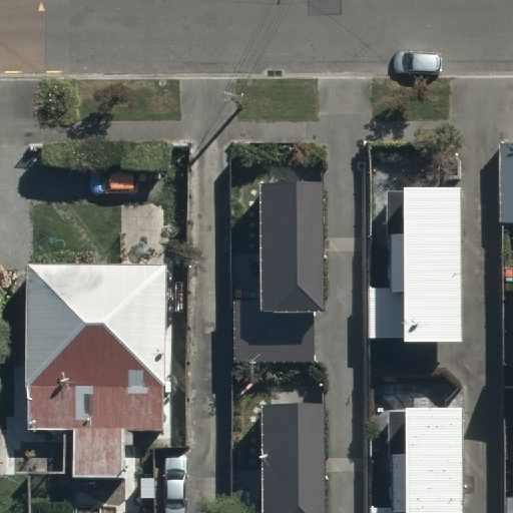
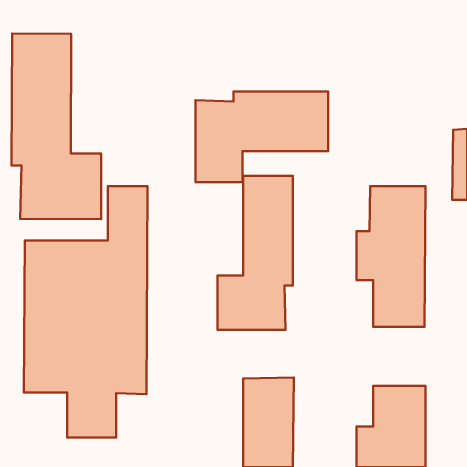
building: none -> [12,34,101,219]
building: none -> [196,91,328,182]

